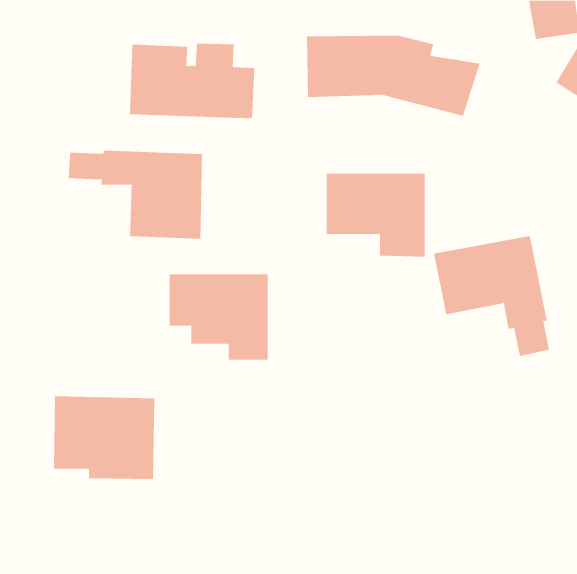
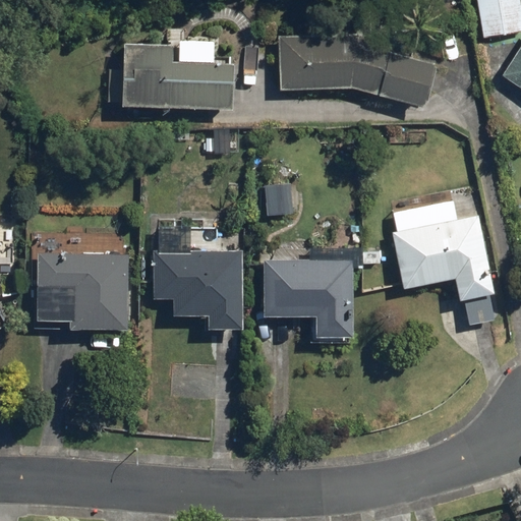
building: [68,150,203,239] -> none
building: [326,173,425,257] -> [264,260,353,336]
building: [53,396,155,480] -> [38,253,129,329]

